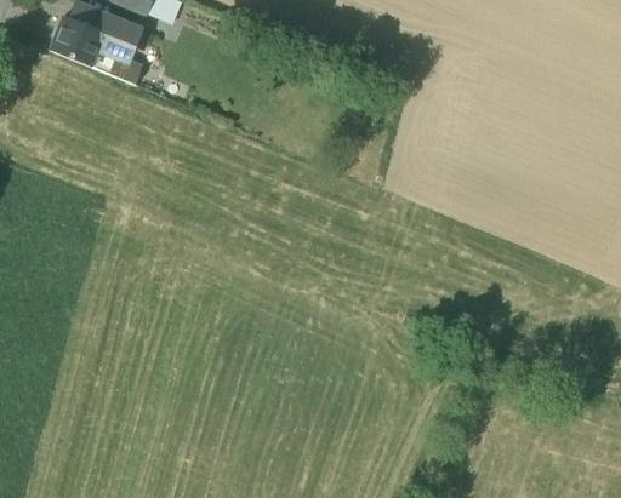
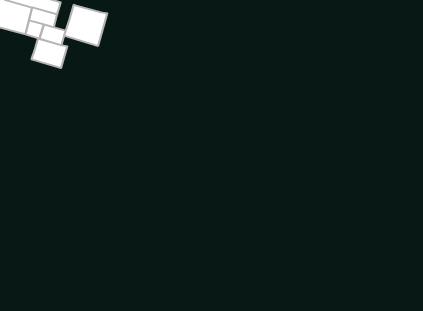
building: none -> [64,5,107,46]
building: none -> [32,39,67,68]

